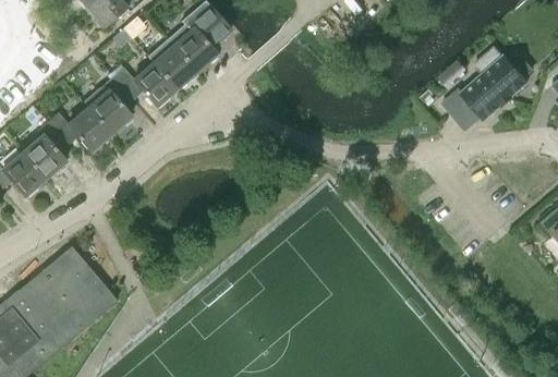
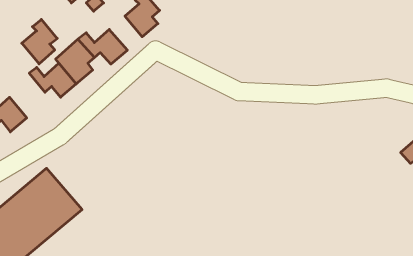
building: [154,45,197,89] -> none
building: [442,46,527,119] -> none
building: [22,120,69,179] -> [22,19,57,64]

